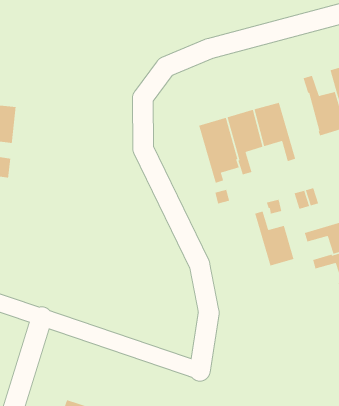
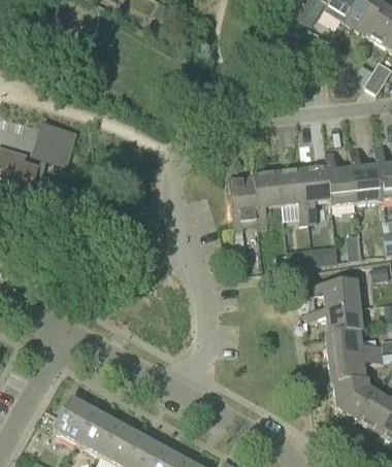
building: none -> [302,165,332,221]
building: [254,210,295,267] -> none

